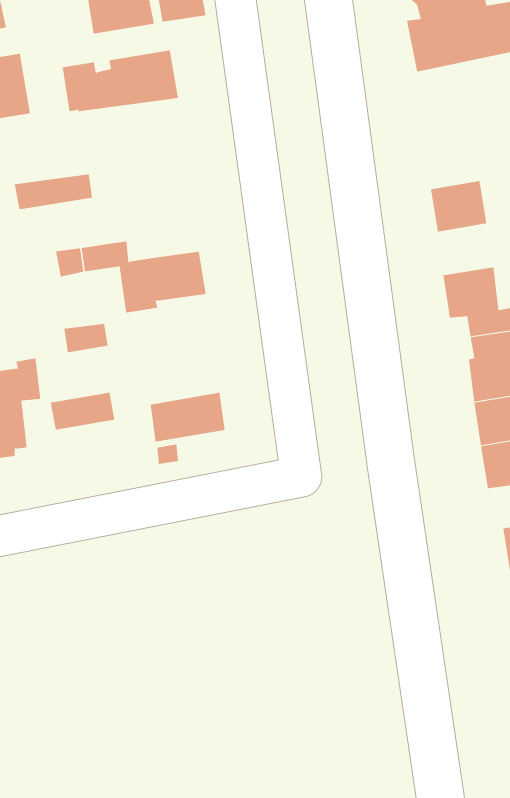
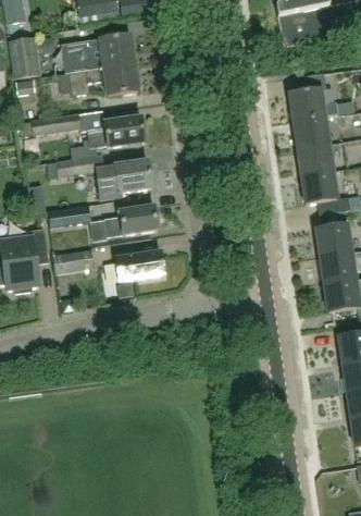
building: none -> [71,64,141,96]
building: none -> [289,74,337,122]
building: none -> [89,116,146,148]
building: none -> [298,144,334,176]
building: none -> [107,206,159,235]

